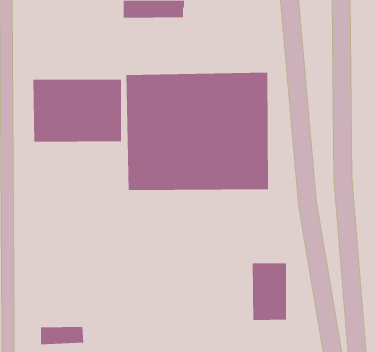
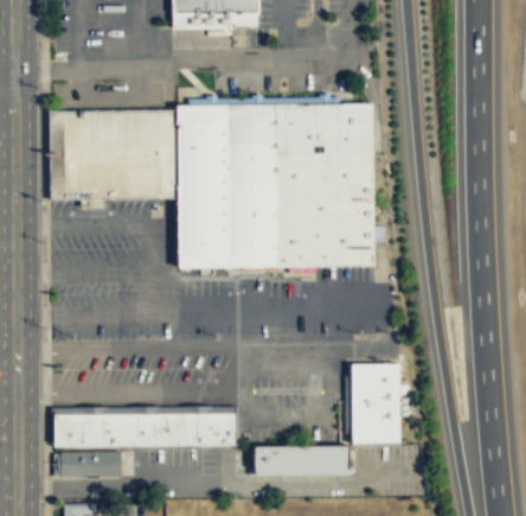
building: none -> [52,413,236,447]
building: none -> [252,445,351,474]

